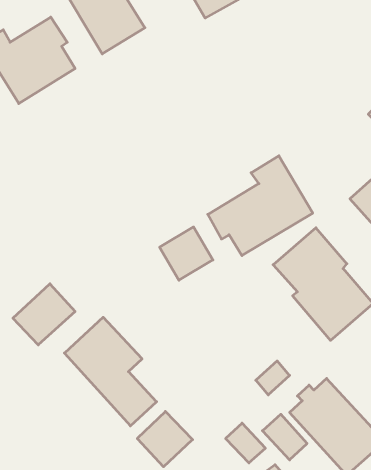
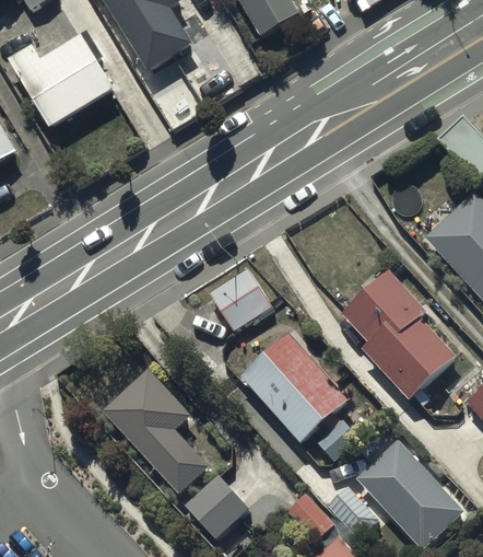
building: [208,156,313,256] -> none
building: [13,284,75,345] -> none
building: none -> [241,336,347,443]

